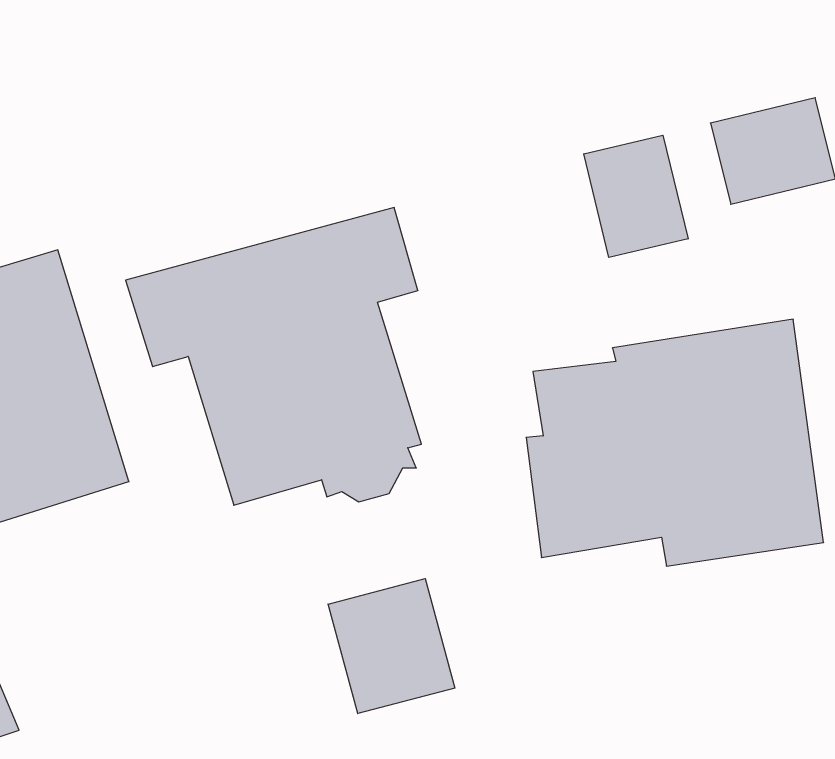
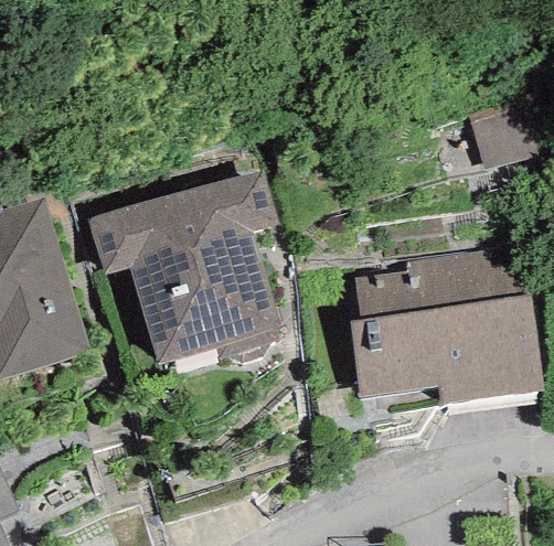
building: [584,135,688,257] -> none
building: [328,579,455,714] -> none

